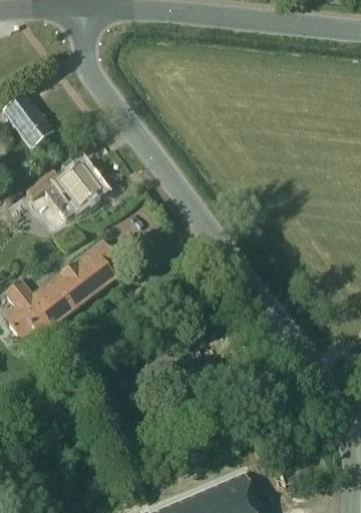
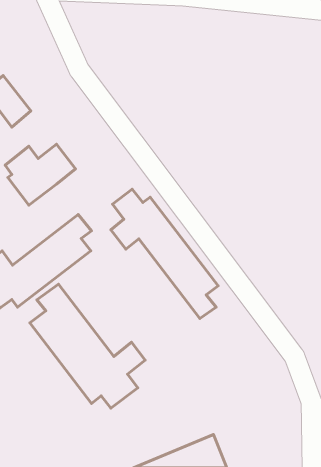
building: none -> [111,189,218,318]
building: none -> [30,284,145,408]

